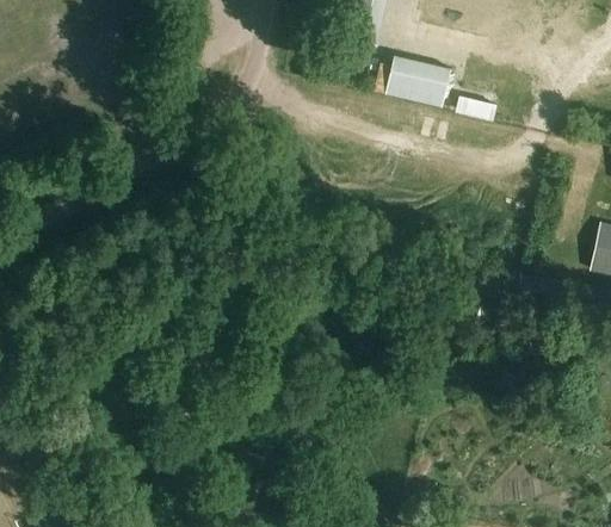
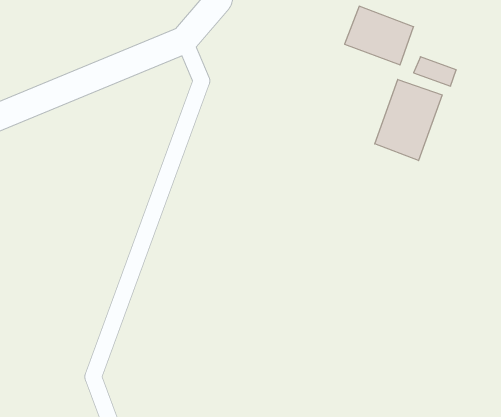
building: none -> [375,79,442,161]

